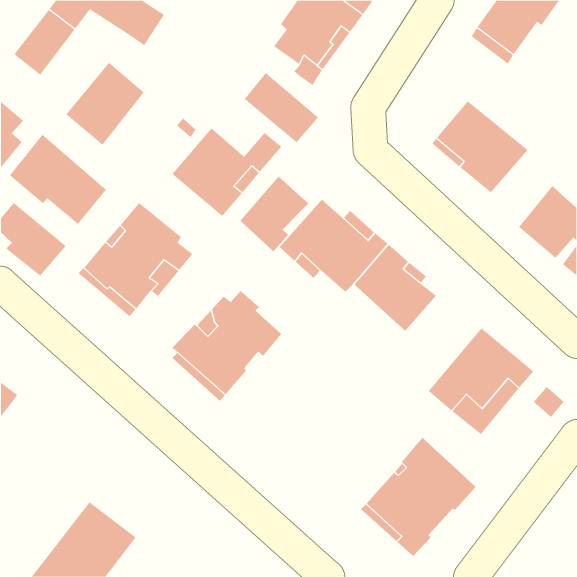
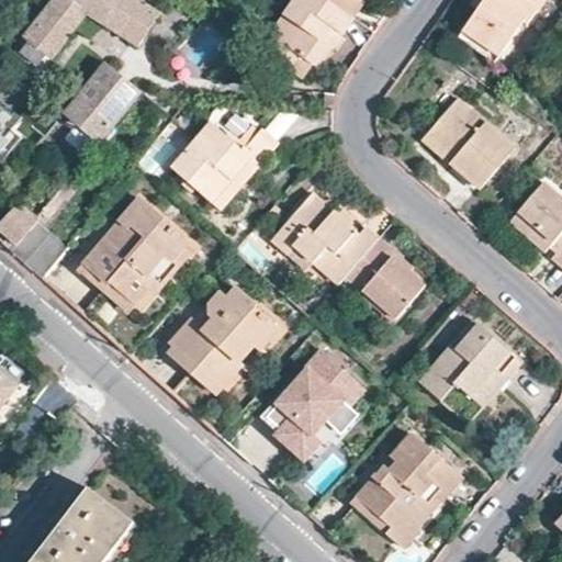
building: [244,72,319,143] -> none
building: [9,134,107,225] -> none
building: [239,176,309,252] -> none
building: none -> [258,351,368,469]

